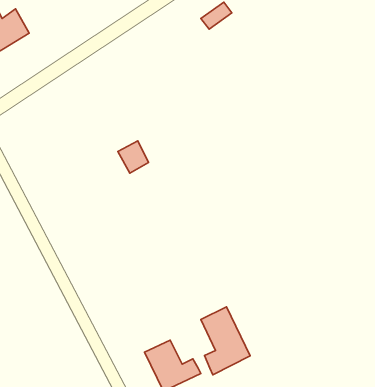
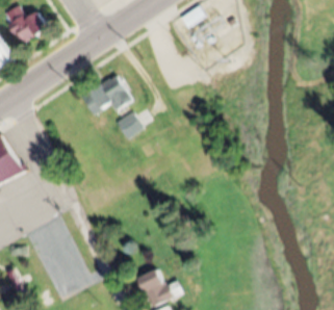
building: none -> [81,74,131,114]
building: [201,307,250,375] -> none

